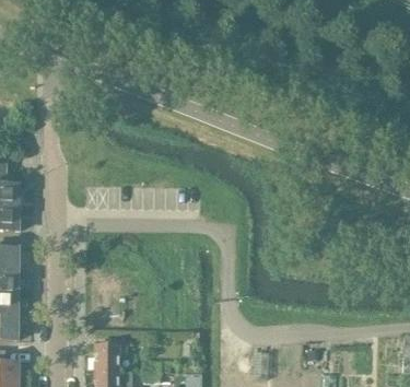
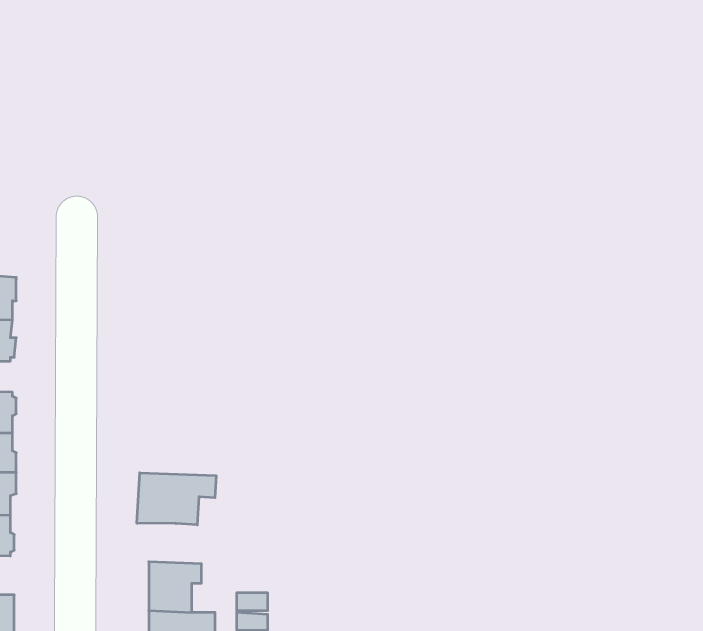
building: none -> [137,473,216,525]

